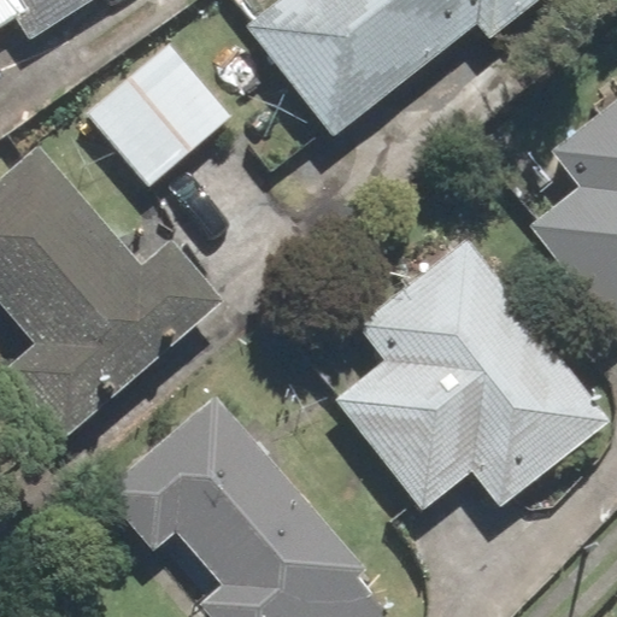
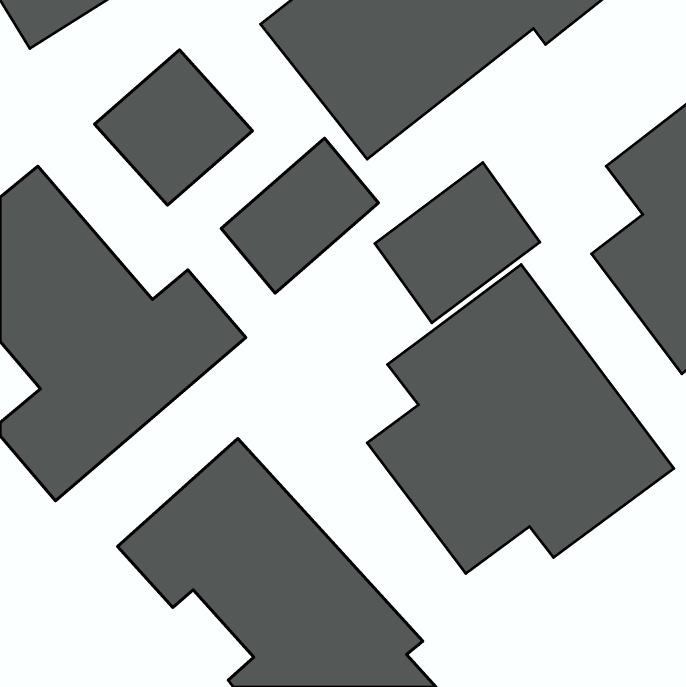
building: none -> [221,138,379,293]
building: none -> [375,163,540,323]

